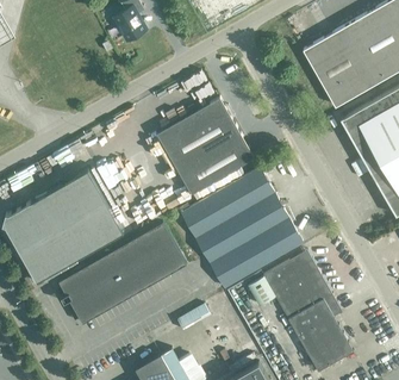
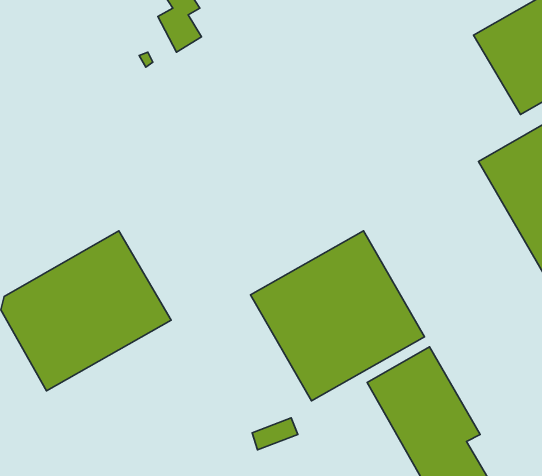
building: [303,31,372,108] -> none
building: [157,99,254,195] -> none
building: [58,224,187,325] -> none

